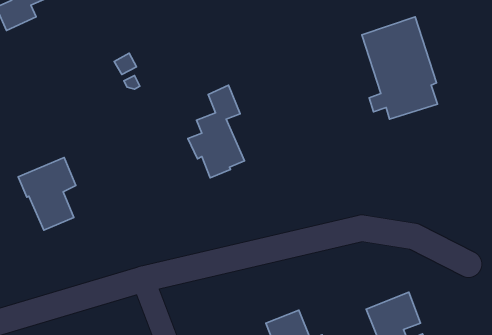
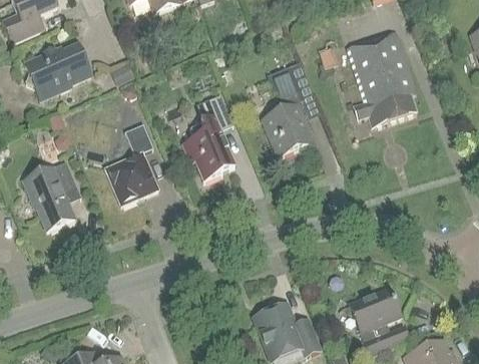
building: none -> [24,42,90,95]
building: none -> [263,63,315,154]
building: none -> [104,122,157,204]

